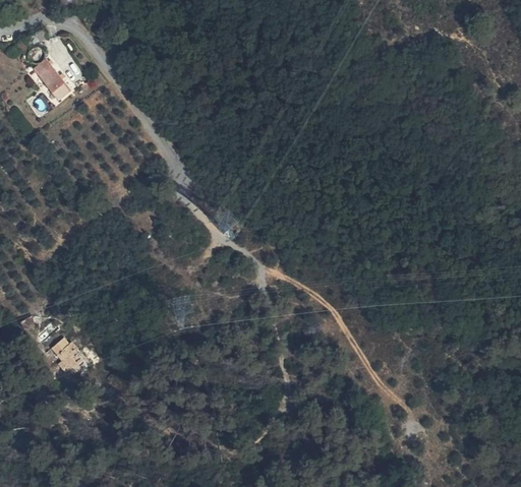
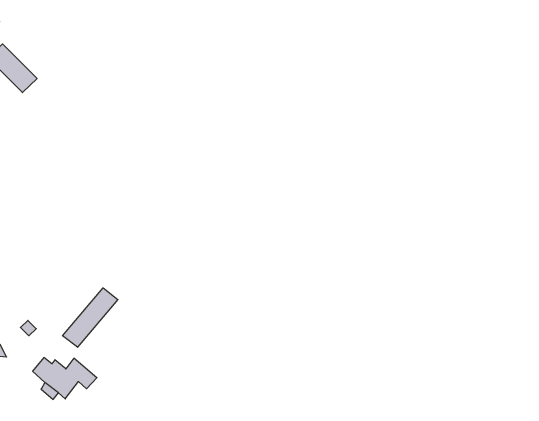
building: none -> [63,288,118,347]

